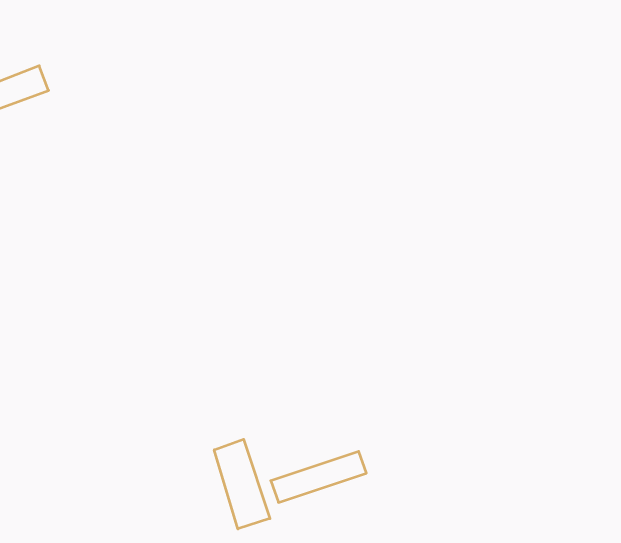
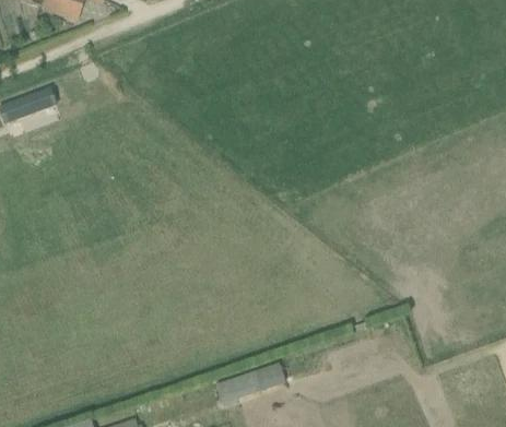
building: [214,439,270,529] -> none

